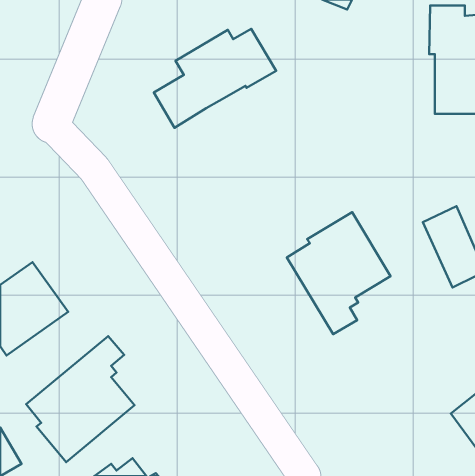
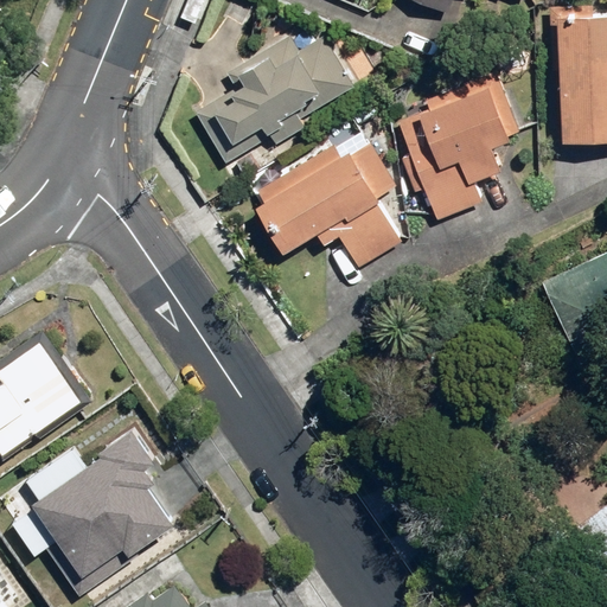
building: none -> [397,81,520,222]
building: none -> [250,143,401,268]
building: [287,212,391,334] -> none

